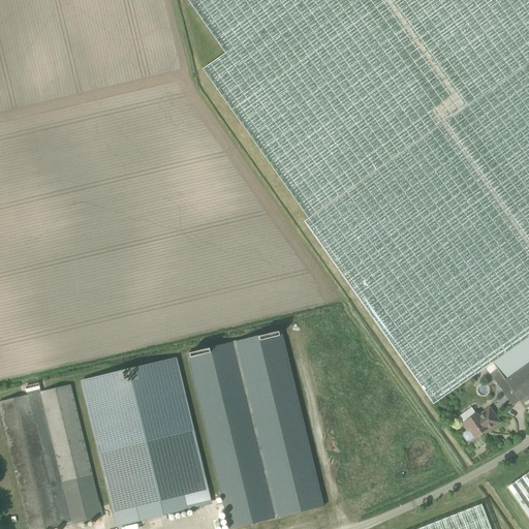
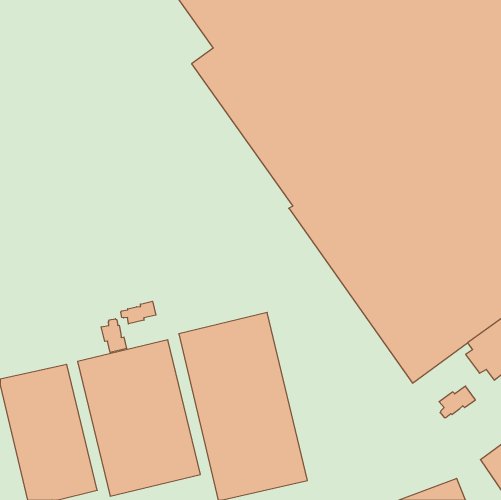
building: none -> [121,301,156,324]
building: none -> [101,319,127,353]

